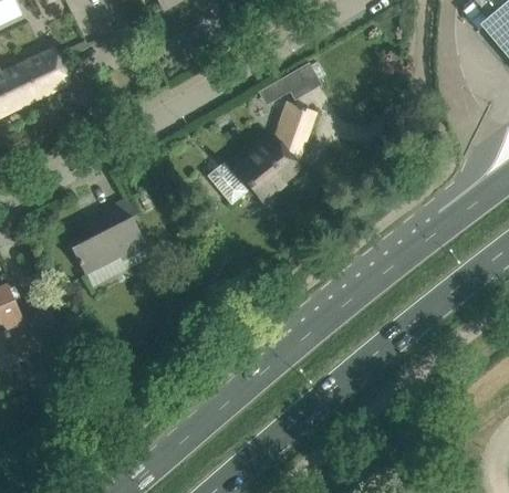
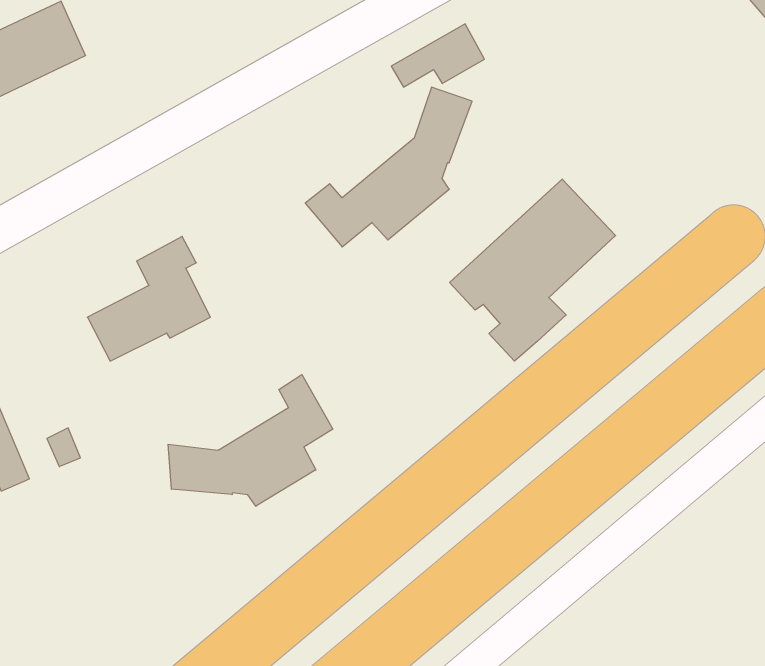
building: none -> [450,179,616,361]
building: none -> [168,375,333,506]

